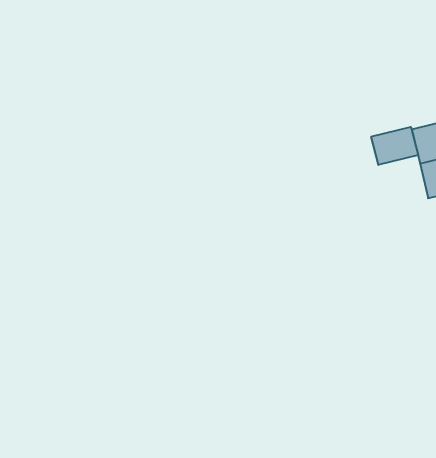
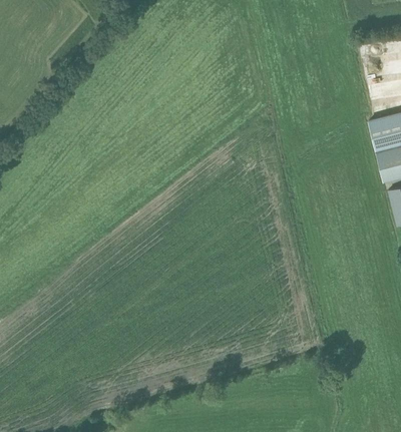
building: [371,127,418,165] -> none

